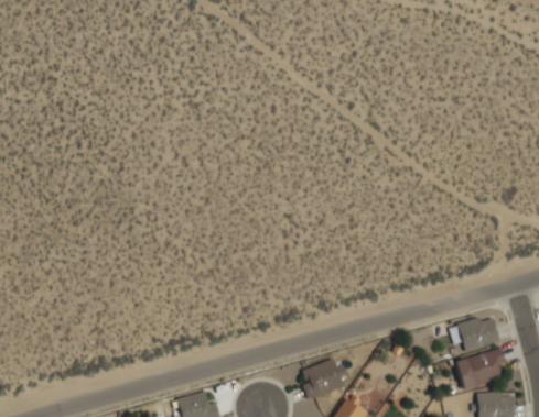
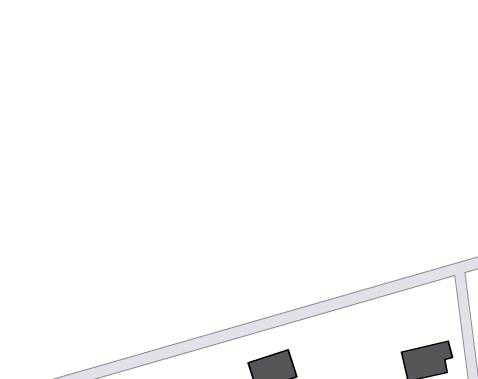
building: [452,315,500,351] -> none

